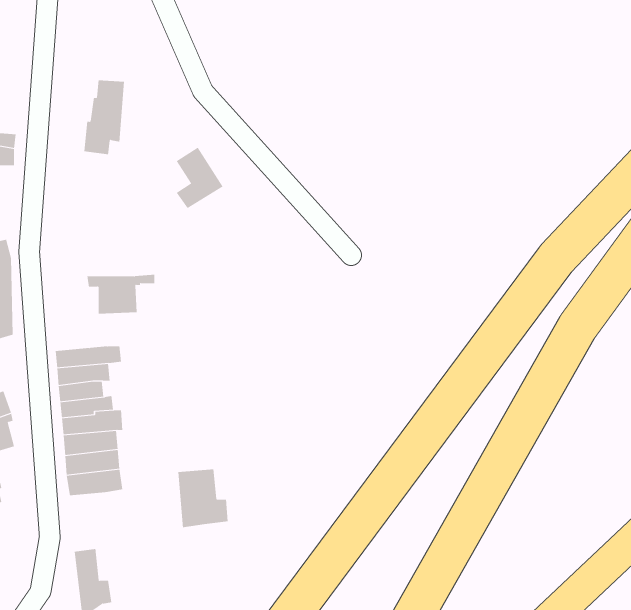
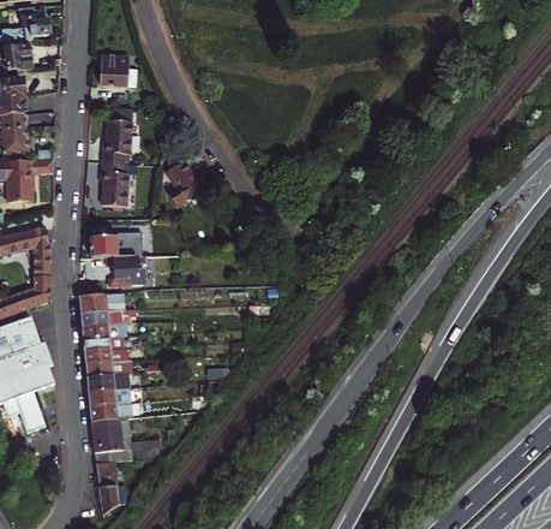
building: none -> [101,54,136,87]
building: none -> [102,162,130,207]
building: none -> [90,232,142,257]
building: none -> [80,292,126,313]
building: [177,469,228,528] -> [92,420,131,464]

